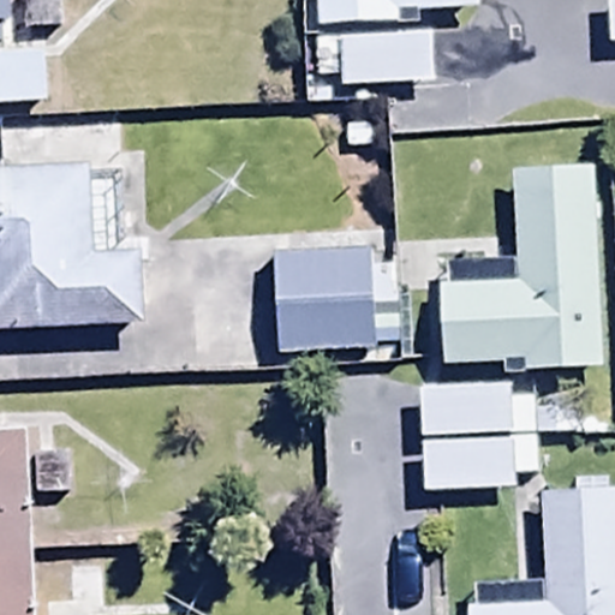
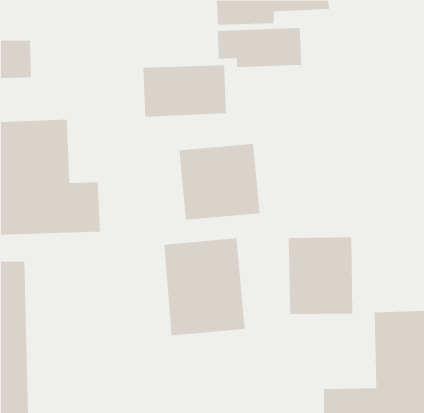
building: none -> [143,64,226,117]
building: [441,142,599,352] -> none
building: none -> [164,238,245,336]

